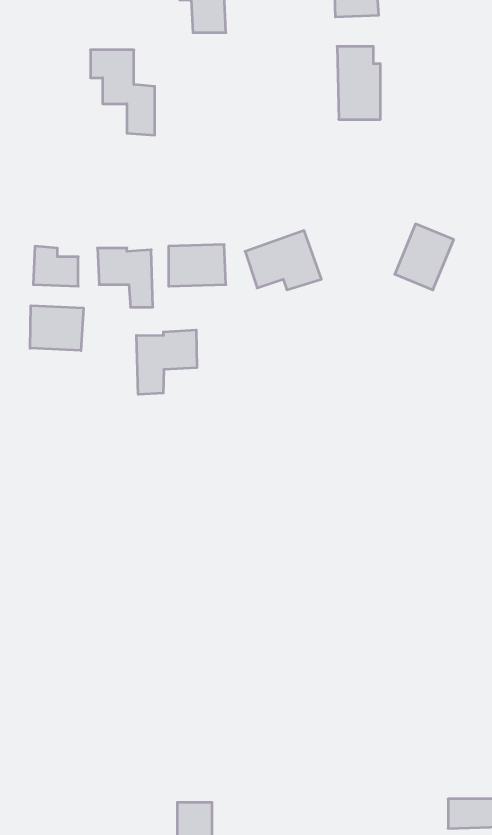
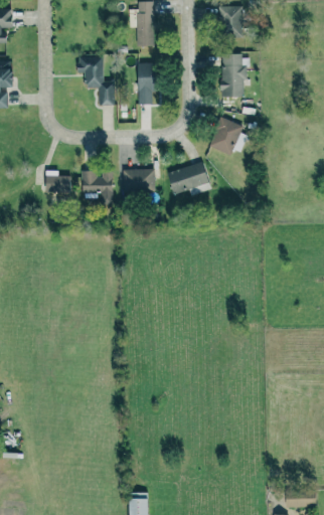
building: none -> [137,63,159,104]
building: [395,224,454,290] -> [208,117,242,155]
building: [30,306,83,351] -> none
building: [136,330,197,394] -> none

